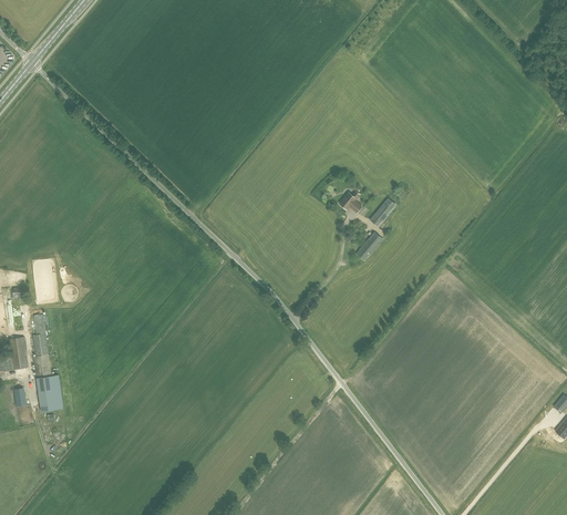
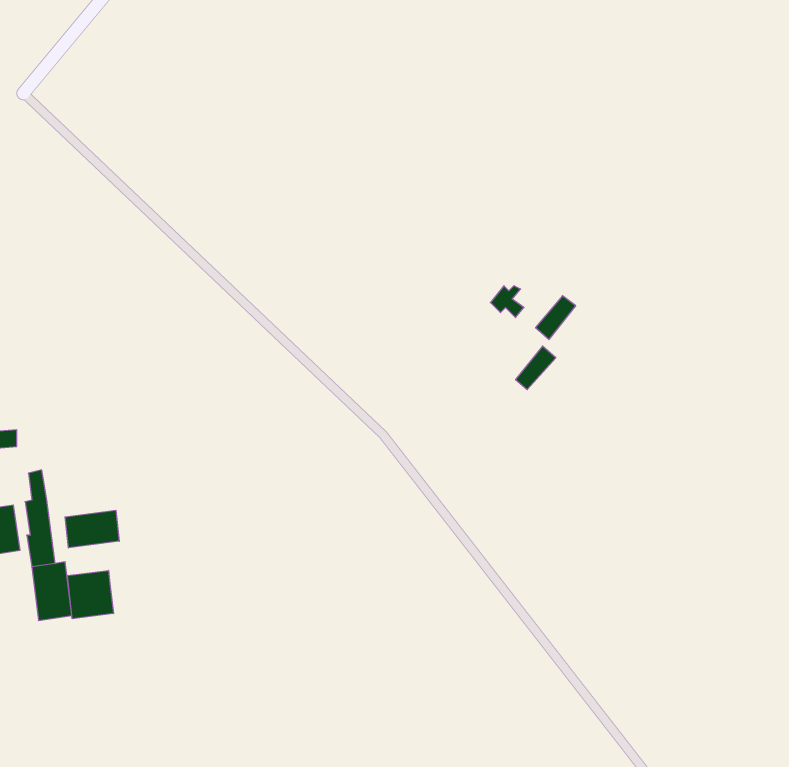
building: none -> [65,510,119,548]
building: none -> [68,570,113,619]

